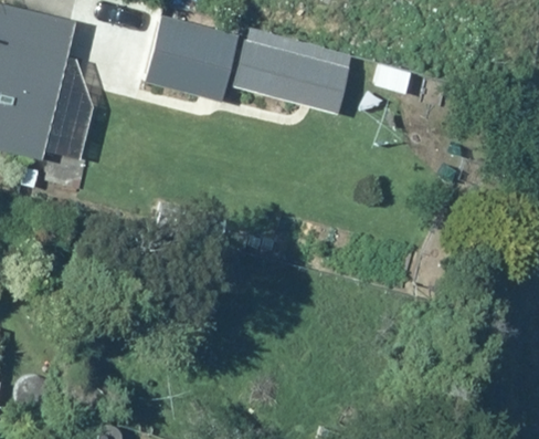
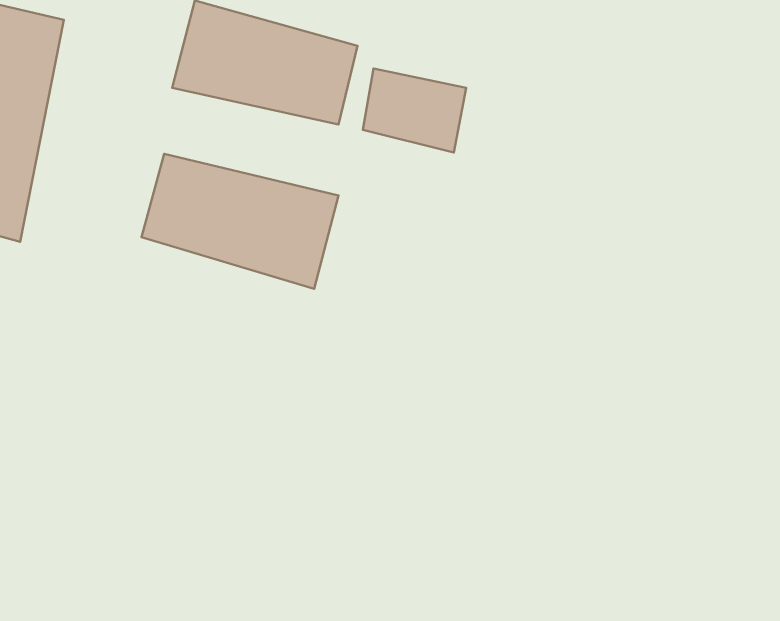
building: none -> [141,154,338,289]

